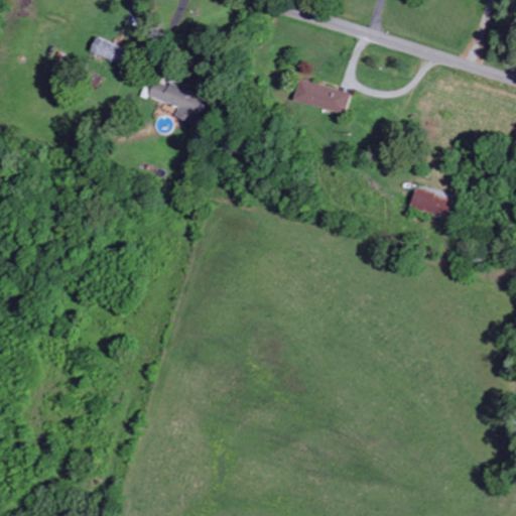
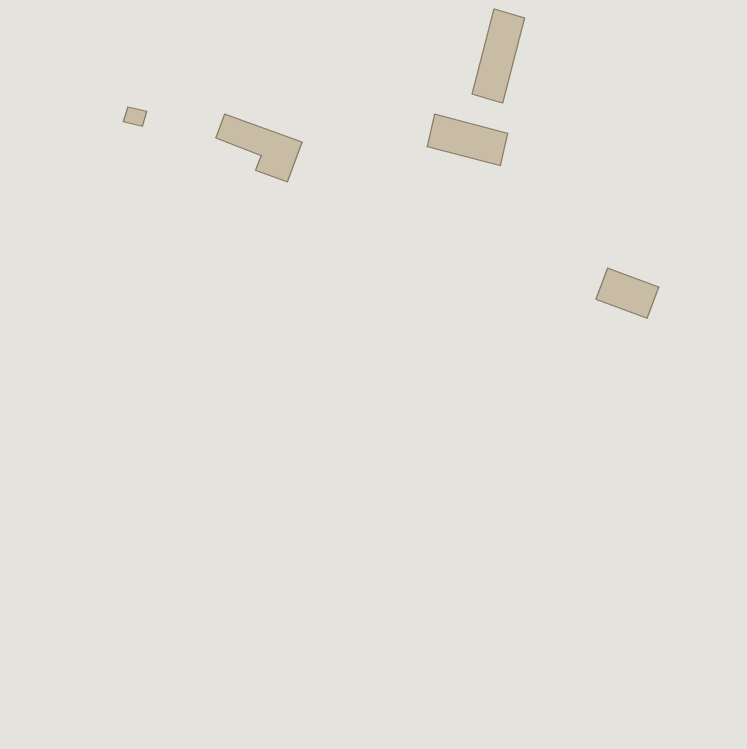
building: none -> [472,9,525,103]
building: [89,38,122,61] -> none

